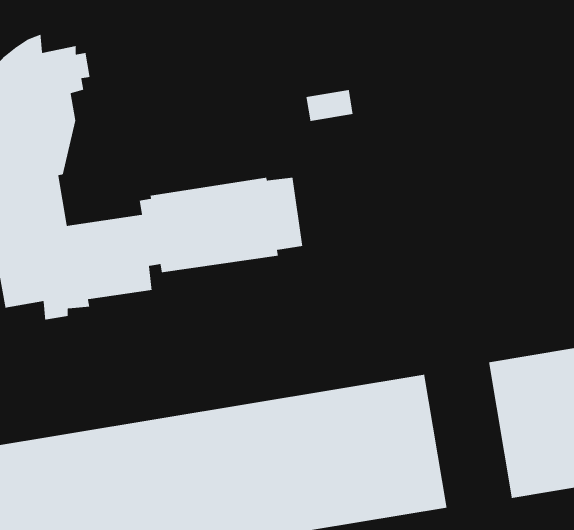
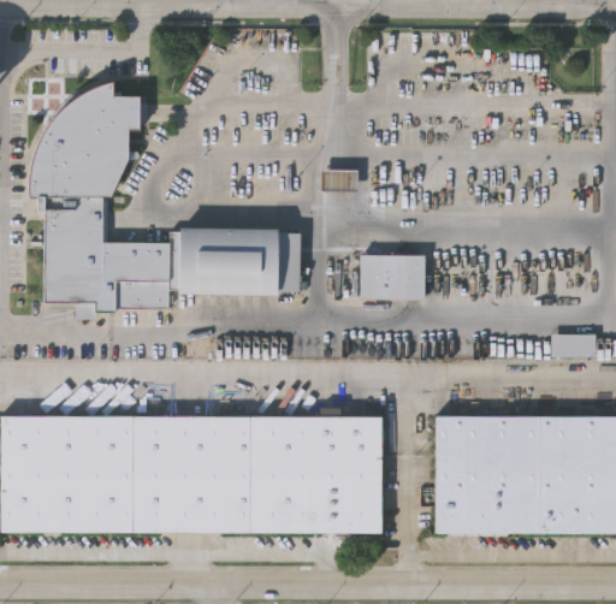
building: none -> [357,256,424,302]

